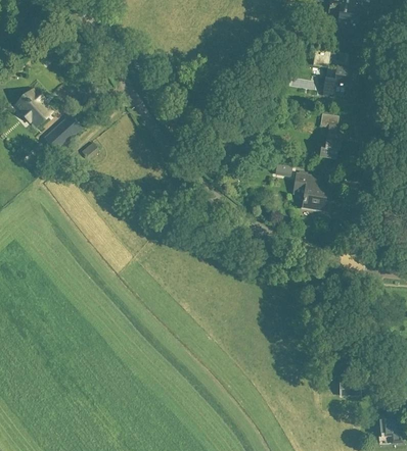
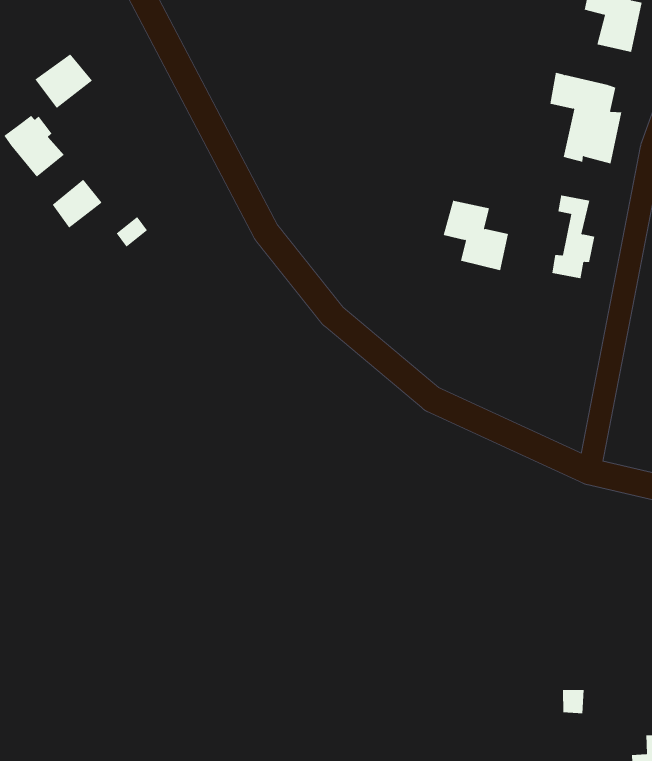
building: none -> [35,53,93,109]
building: [292,174,328,211] -> [443,200,509,271]

